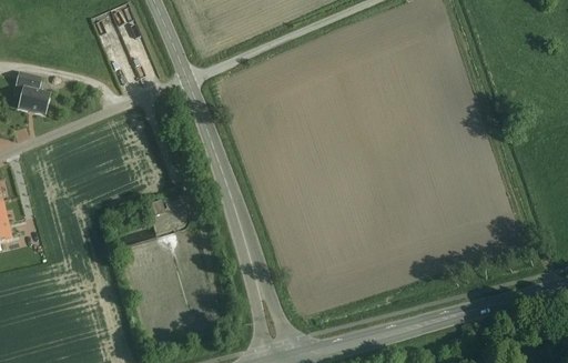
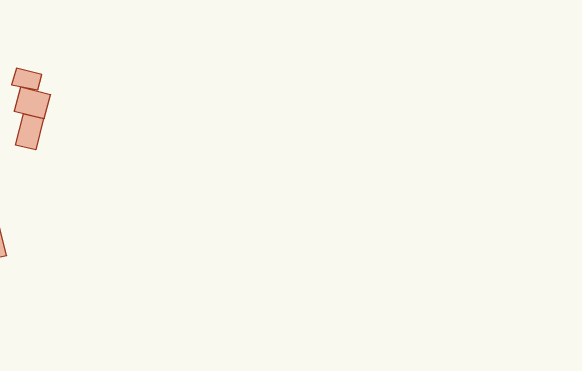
building: none -> [16,114,44,150]

